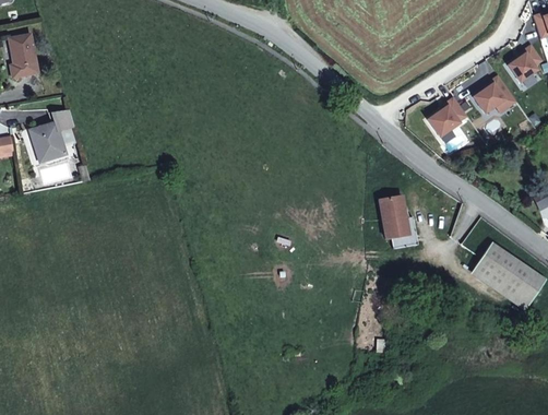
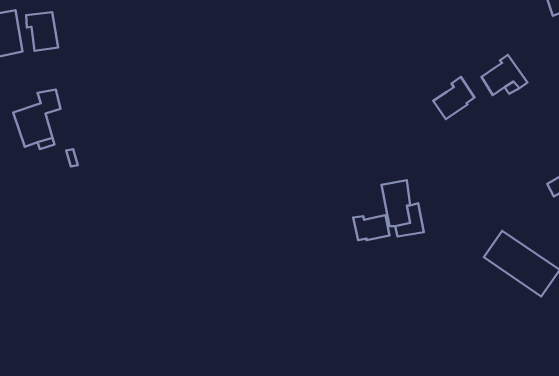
building: none -> [26,12,58,51]
building: [508,45,541,82] -> none
building: none -> [353,215,390,240]

